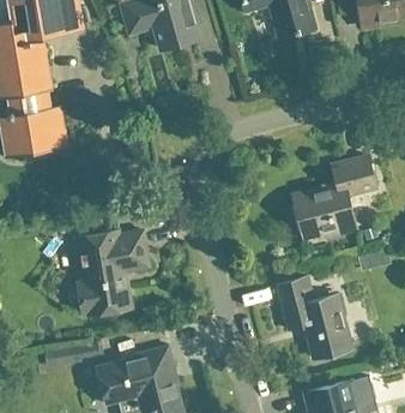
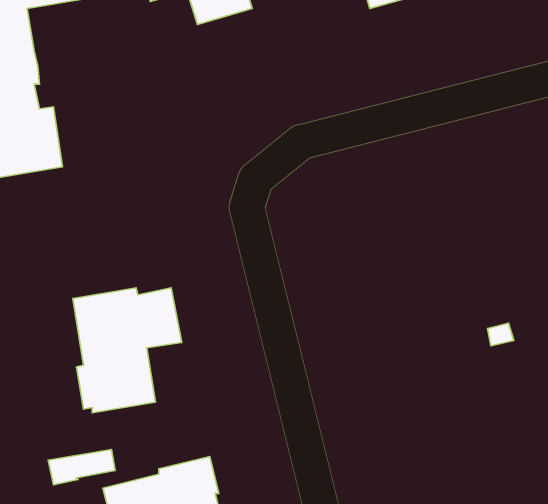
building: [292,156,376,238] -> none
building: [277,277,350,355] -> none

